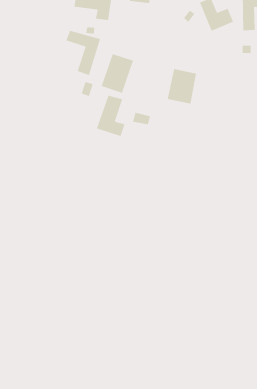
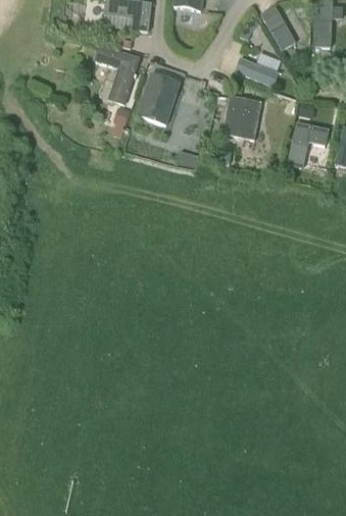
building: none -> [233,55,280,86]
building: none -> [287,123,330,171]
building: [96,95,125,137] -> none

